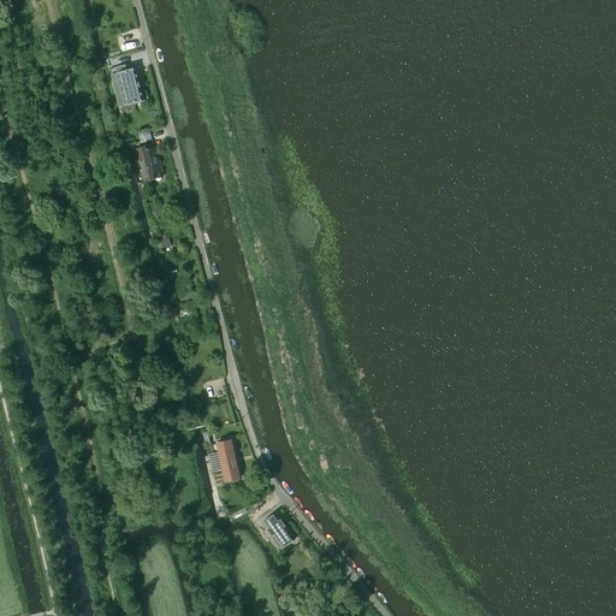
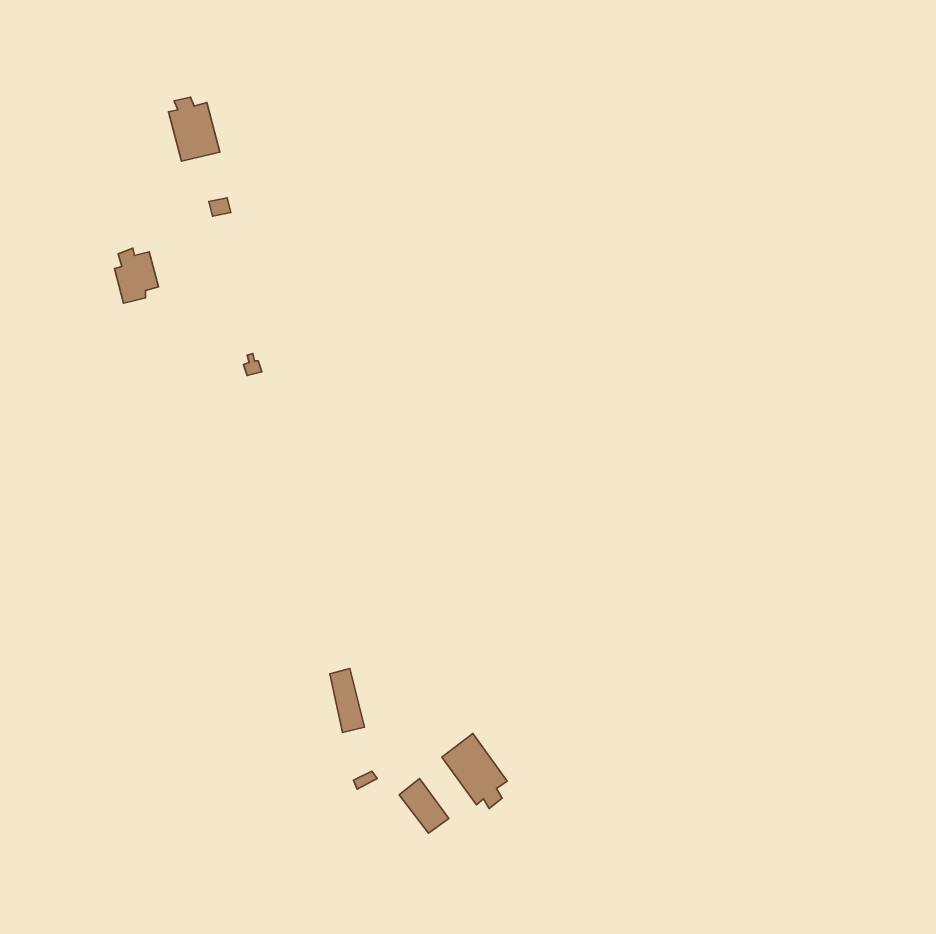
building: [132,146,161,182] -> [114,248,158,303]
building: none -> [442,734,507,809]

